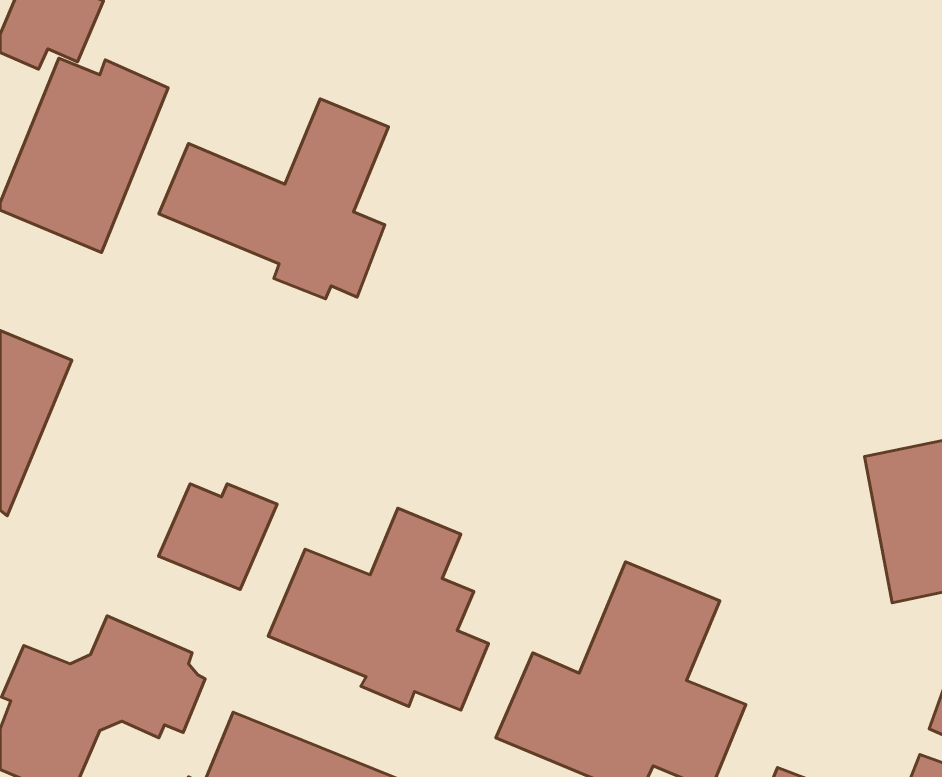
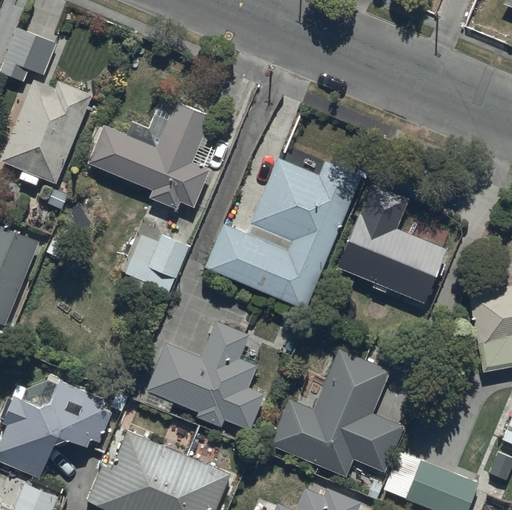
building: none -> [205,157,361,308]
building: none -> [337,212,446,302]
building: [159,484,277,589] -> [125,235,189,292]

